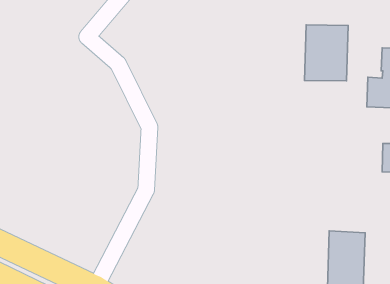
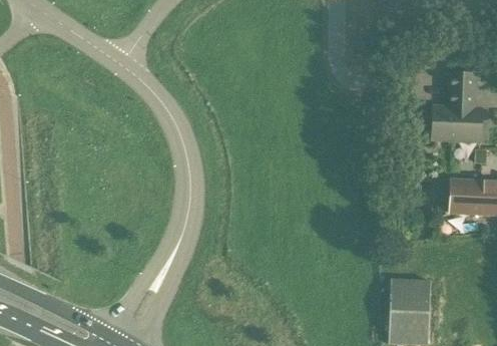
building: [304,25,348,81] -> none

